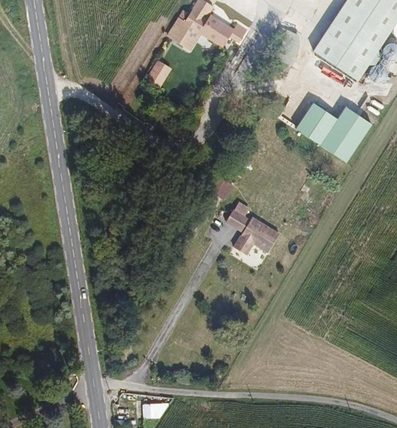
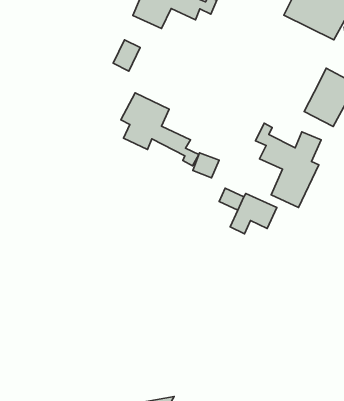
building: [295,102,337,144] -> none
building: none -> [121,93,199,166]
building: none -> [256,123,321,207]

